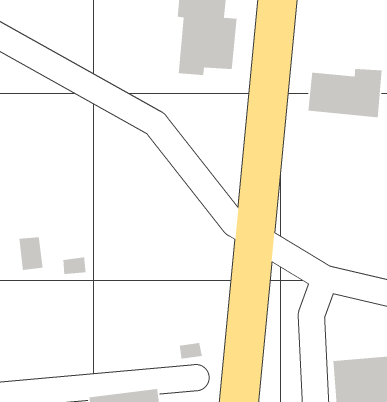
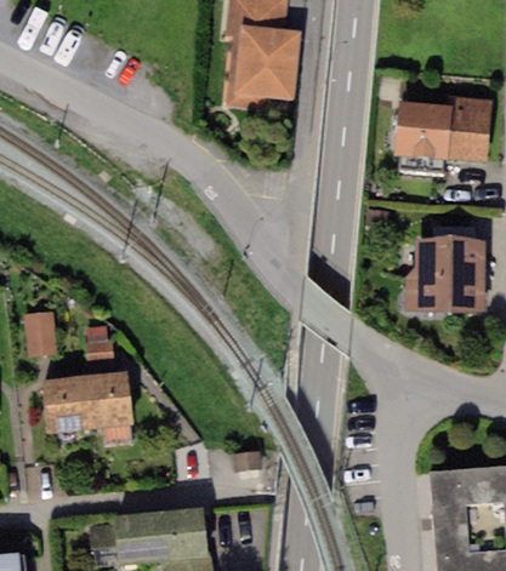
building: none -> [403,238,488,313]
building: none -> [55,379,138,430]

